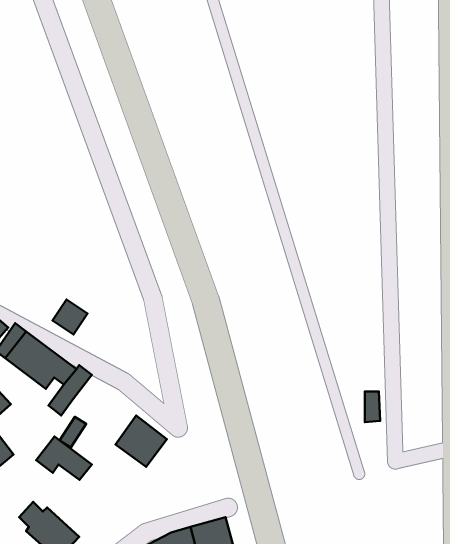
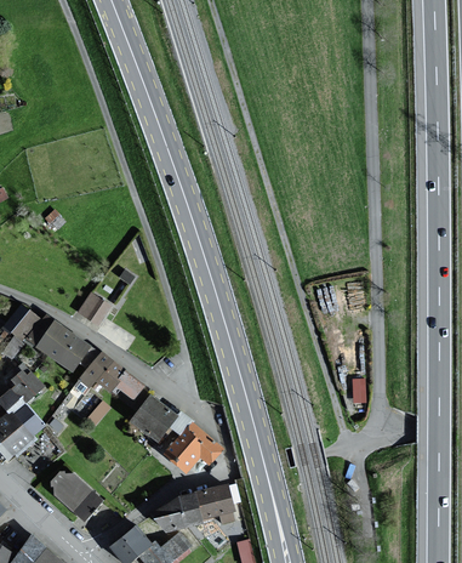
building: [36,437,92,480] -> [96,359,144,397]
building: none -> [165,423,221,470]

